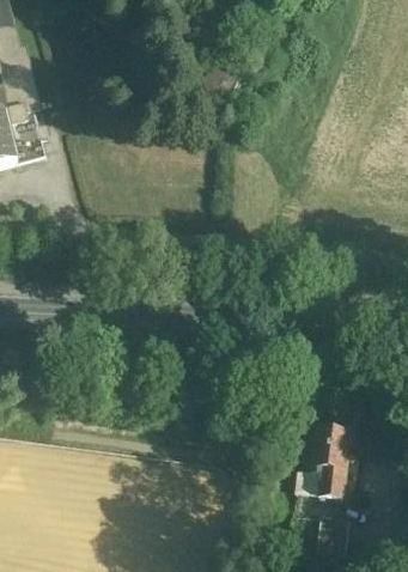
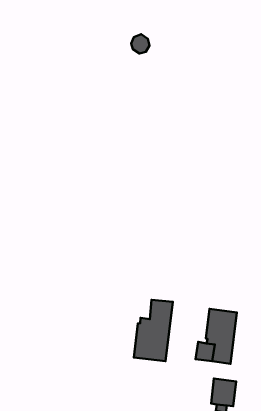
building: none -> [134,300,173,361]

